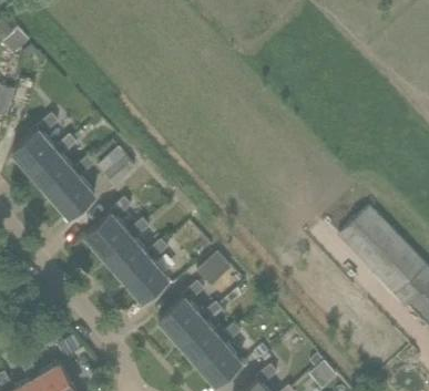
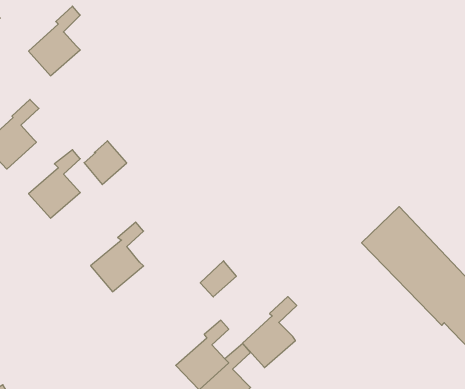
building: [31,135,75,195] -> [29,6,80,76]
building: [84,198,131,257] -> none
building: [122,240,167,300] -> none
building: [157,281,204,342] -> [243,297,297,368]

